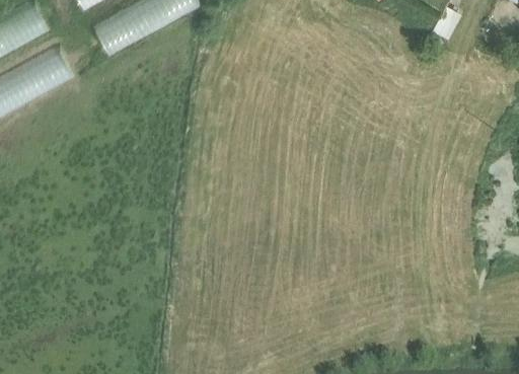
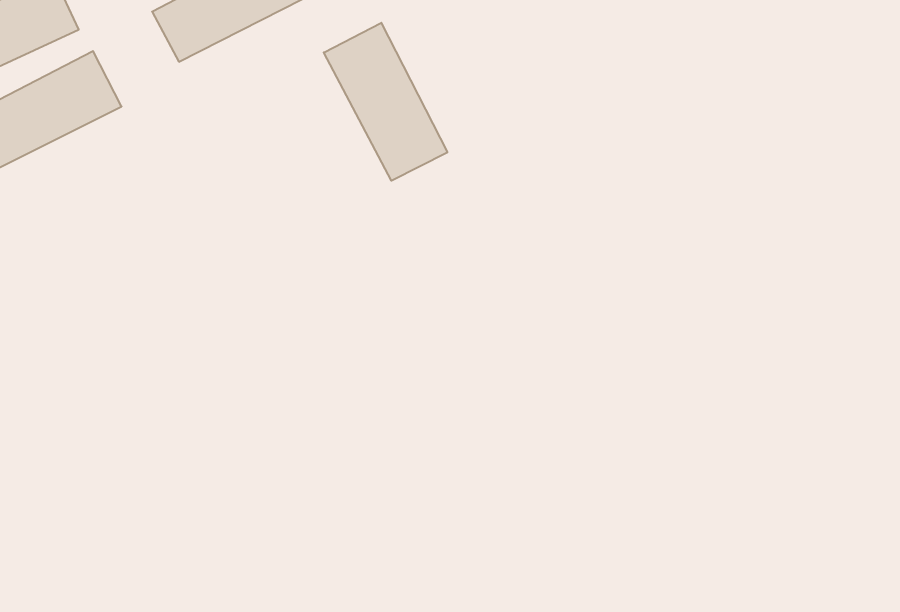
building: none -> [324,23,447,181]

